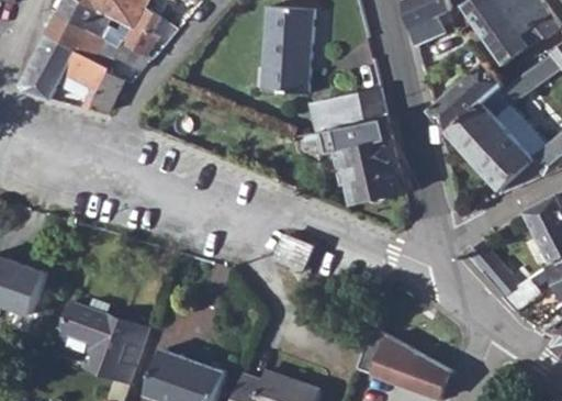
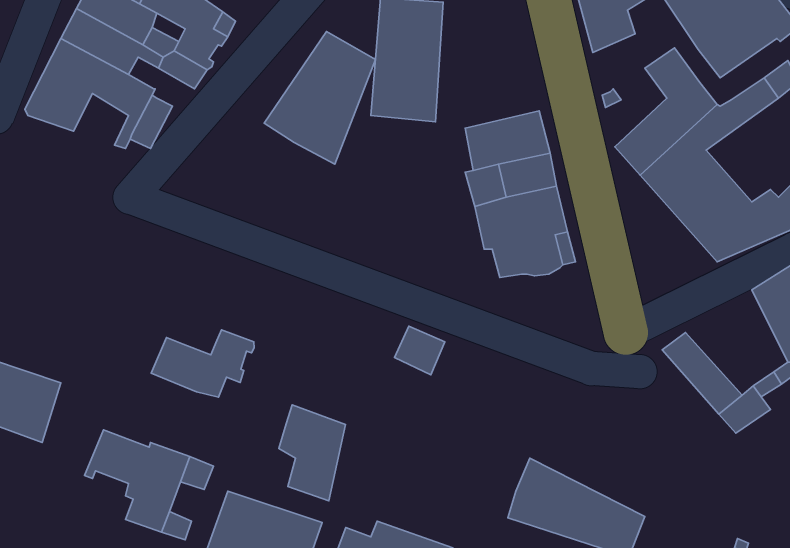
building: none -> [264,32,375,164]
building: none -> [151,330,254,397]
building: none -> [279,405,346,501]

